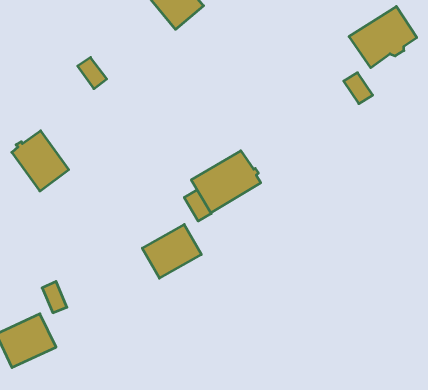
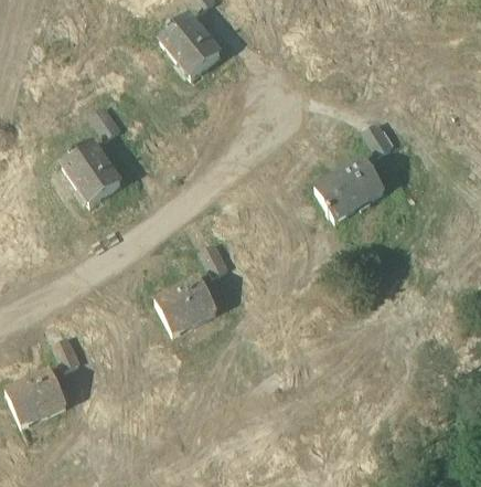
building: [349,6,417,68] -> [314,156,384,219]
building: [12,131,69,191] -> [62,141,120,203]
building: [191,151,261,213] -> none

